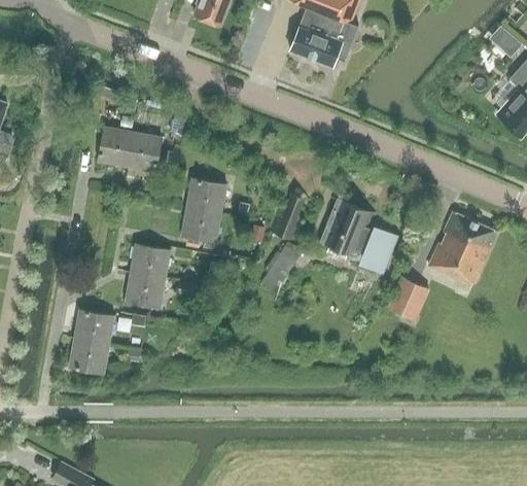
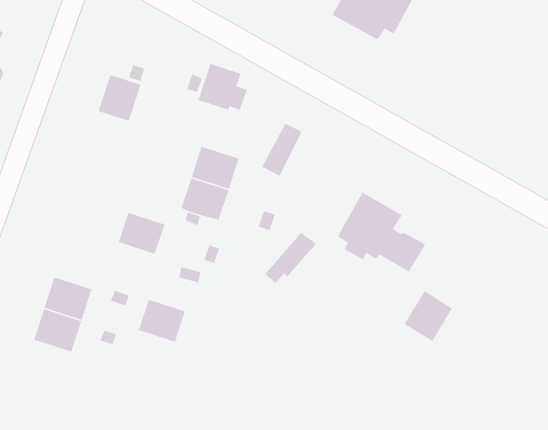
building: [127,132,169,171] -> [198,63,248,111]
building: [273,189,305,237] -> [261,123,303,177]
building: [428,212,497,284] -> none
building: [126,272,165,307] -> [138,299,186,343]

